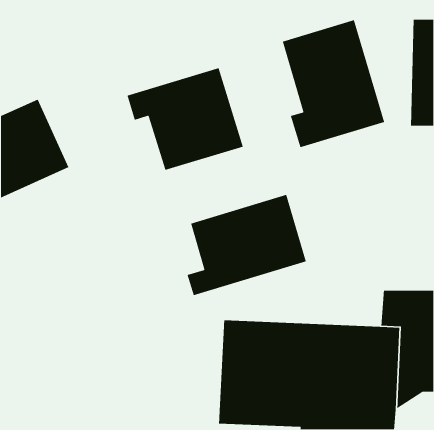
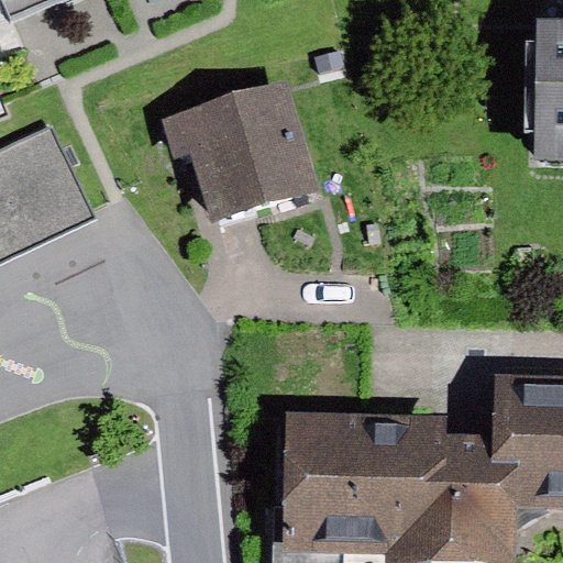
building: [282,19,385,148] -> none
building: [187,194,307,296] -> none

